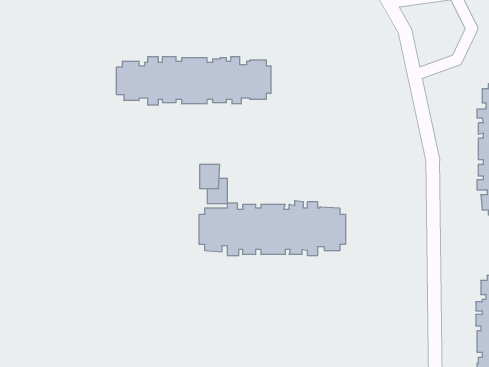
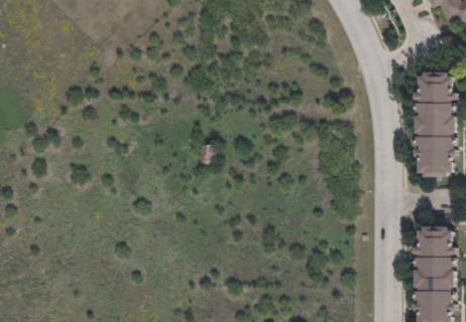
building: [117,56,271,105] -> none
building: [199,200,345,256] -> none

